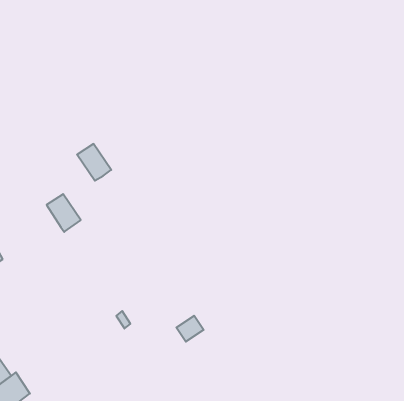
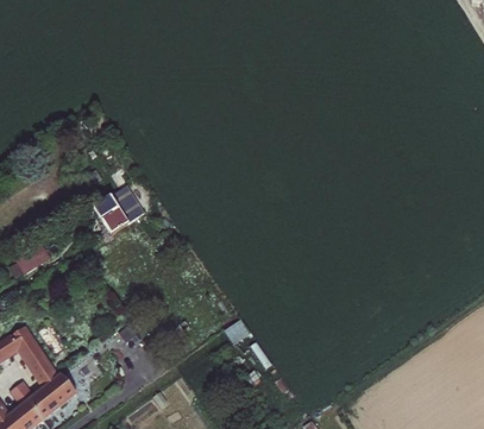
building: [77,144,111,181] -> [108,185,143,222]

